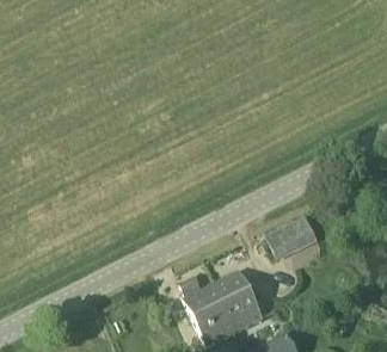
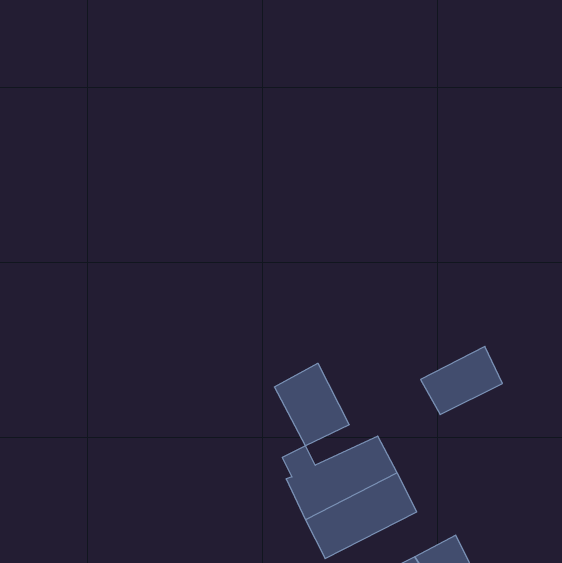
building: none -> [274,363,349,446]

